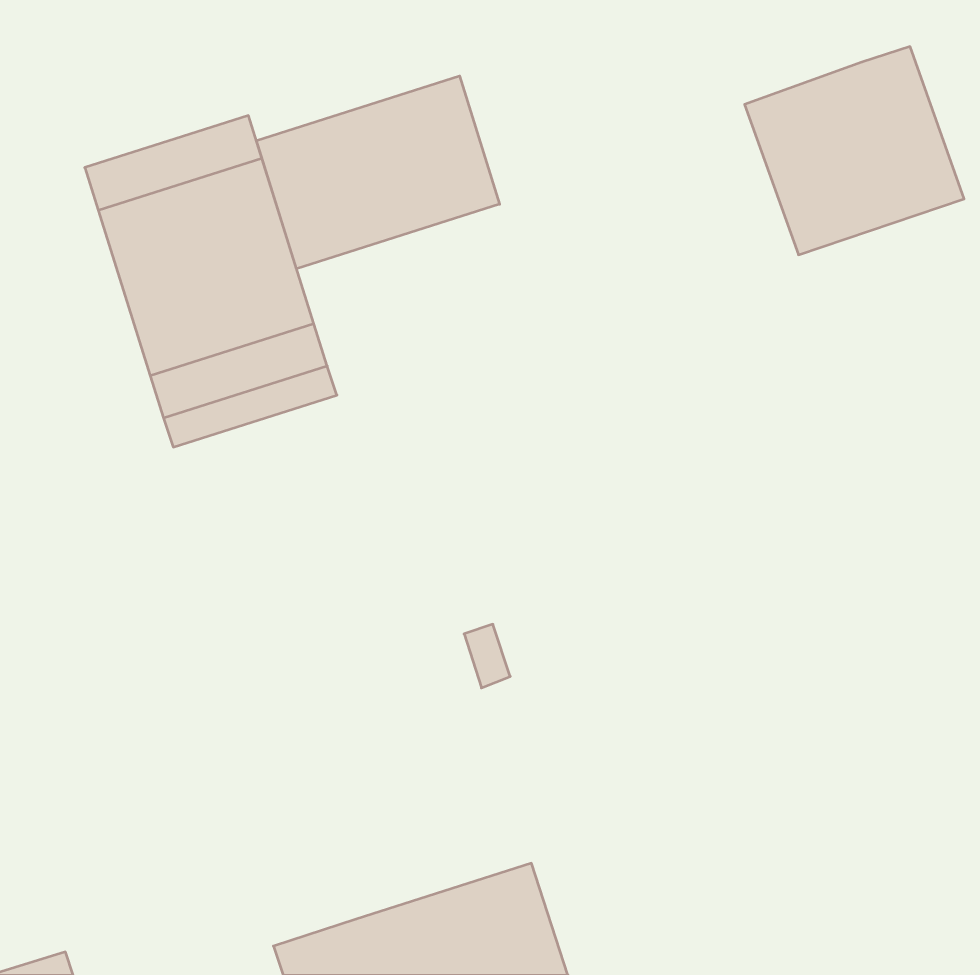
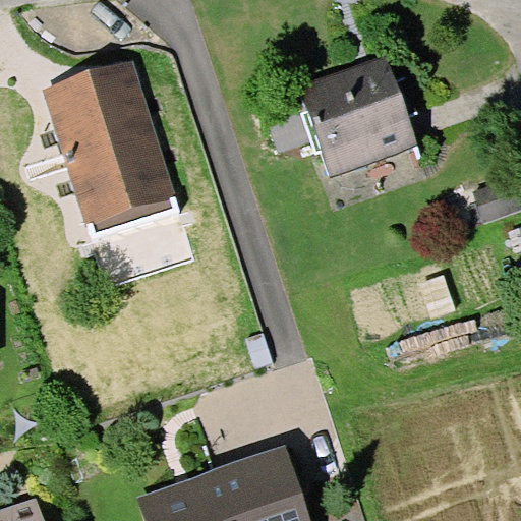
building: [745,47,964,255] -> [299,60,415,170]
building: [257,76,500,269] -> none

